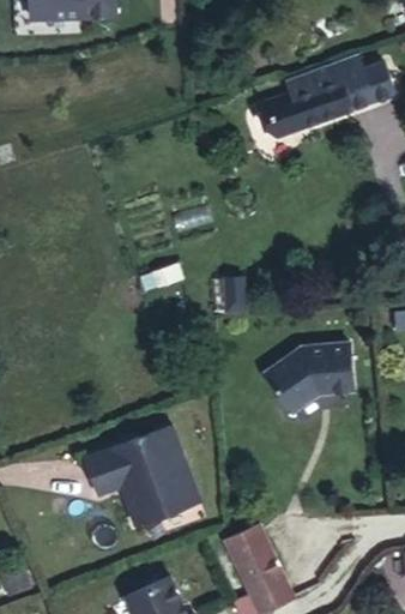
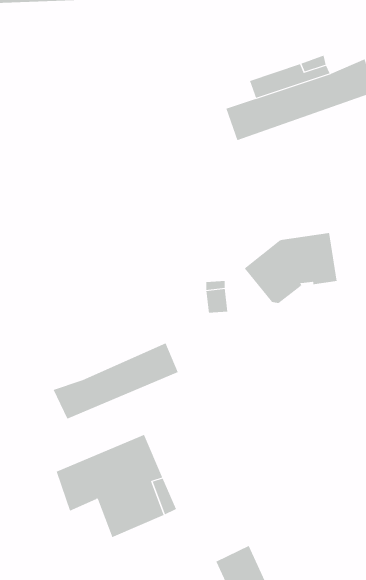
building: none -> [53,342,179,419]
building: [267,347,357,415] -> [244,232,337,304]

